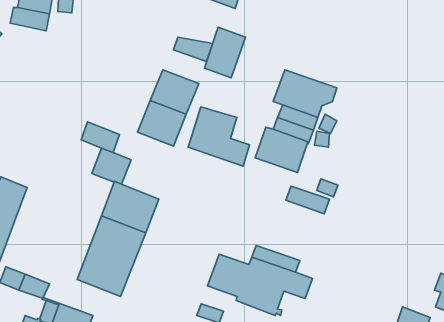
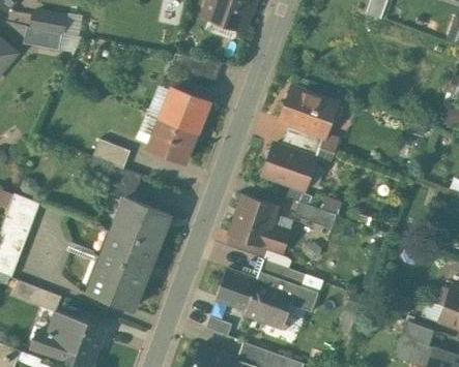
building: [204,27,246,78] -> none
building: [188,107,250,166] -> [229,195,289,253]

